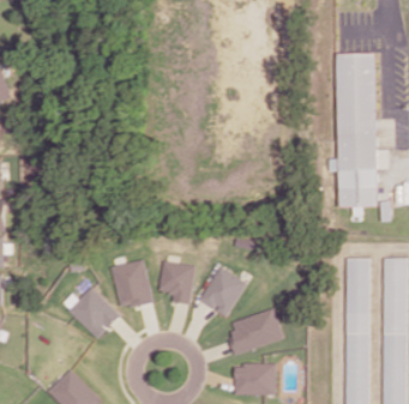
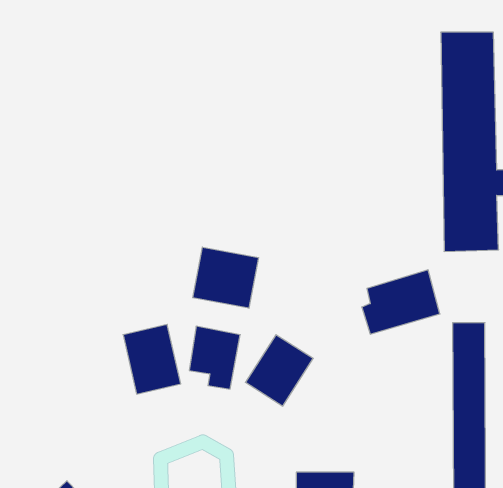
building: none -> [193,247,259,308]
building: [65,287,121,338] -> none
building: [227,308,282,354] -> [362,270,440,334]

